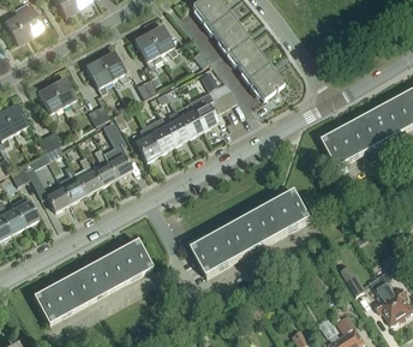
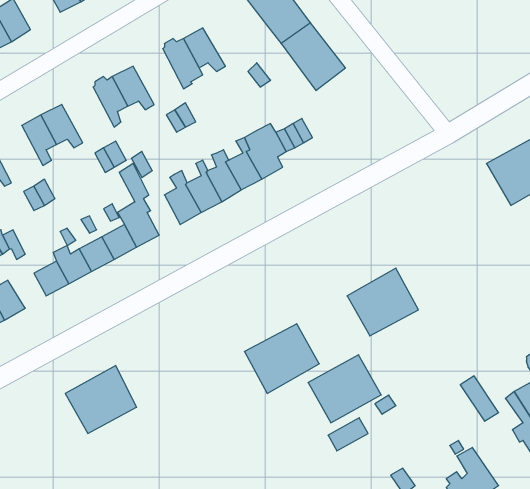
building: [240,52,283,97] -> none
building: [322,118,375,167] -> none
building: [227,209,277,256] -> [308,355,381,423]
building: [102,238,152,286] -> none
building: [31,276,83,323] -> none

